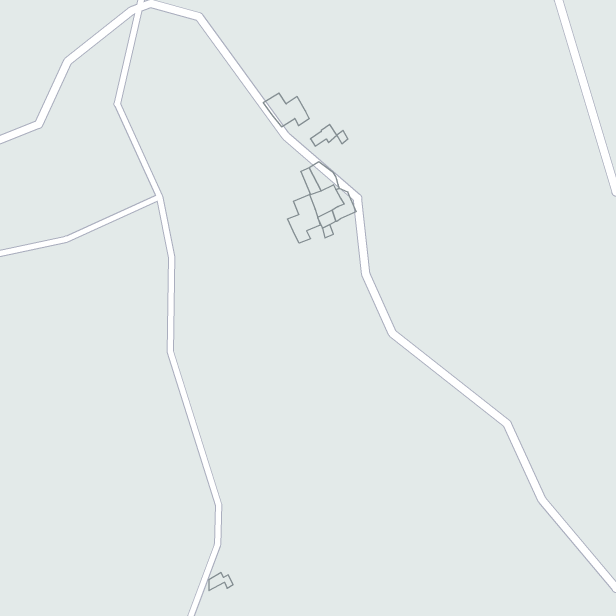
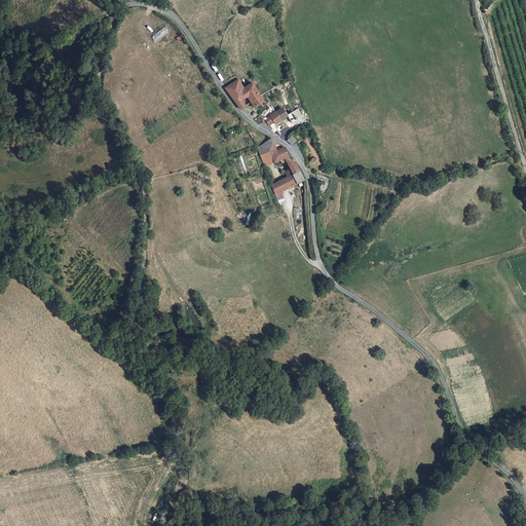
building: [287,194,320,243] -> none

